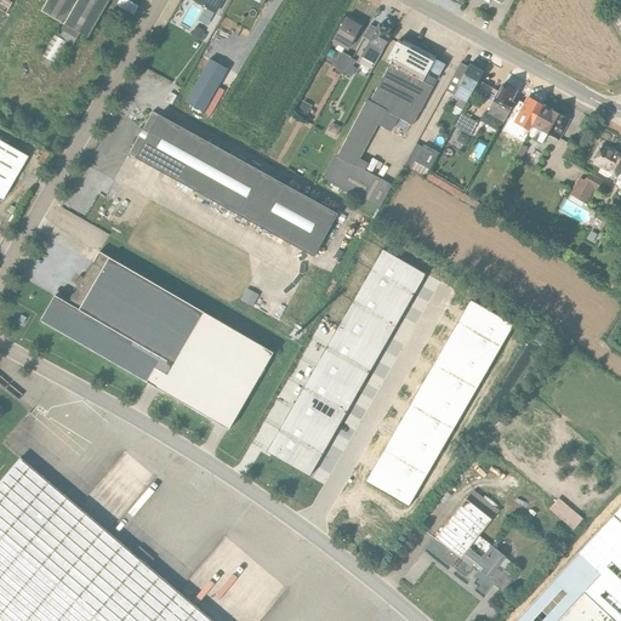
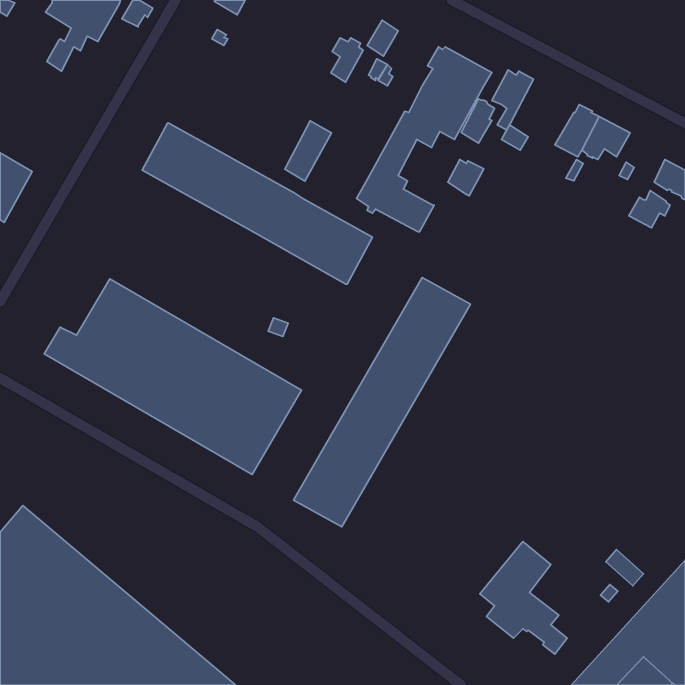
building: [361,25,391,65] -> [331,38,363,82]
building: [188,55,230,109] -> [285,121,332,181]
building: [486,84,517,124] -> [461,99,495,143]
building: [365,301,513,507] -> none

